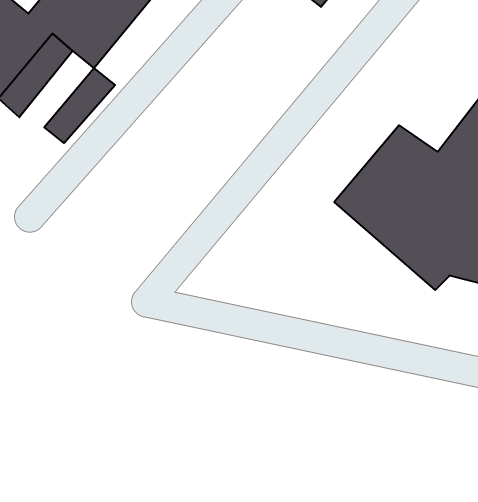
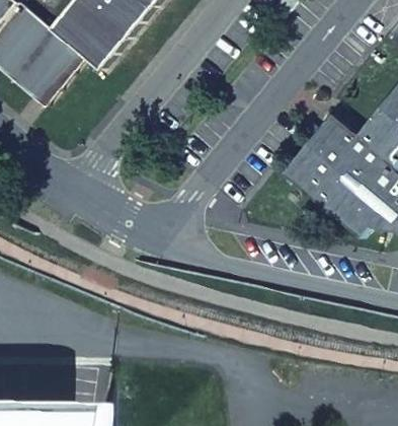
building: [44,68,115,143] -> none

